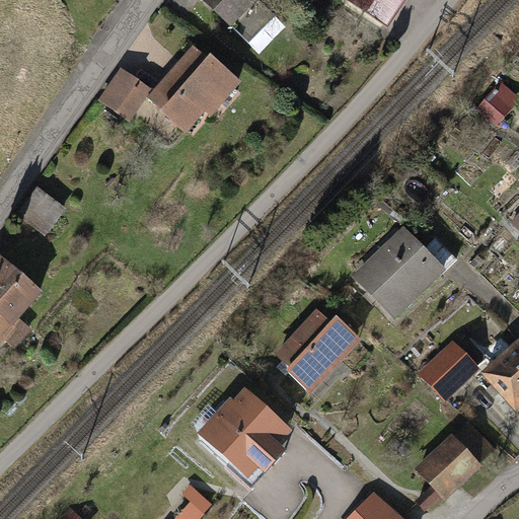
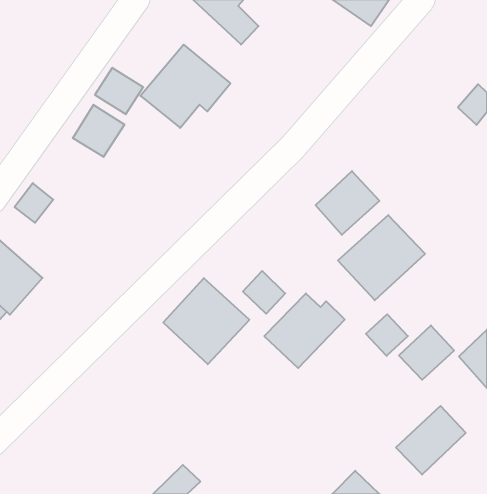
building: none -> [73,105,124,157]
building: none -> [316,171,379,235]
building: none -> [243,271,285,314]
building: none -> [366,314,408,356]
building: [202,385,292,475] -> [163,278,249,364]

